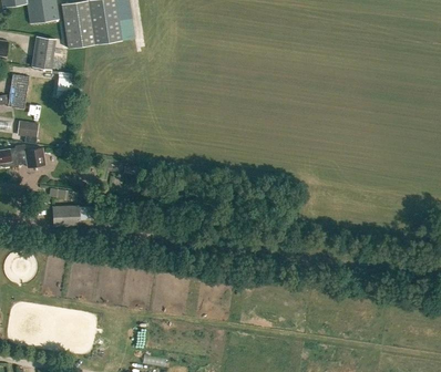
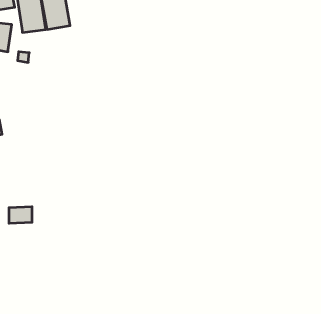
building: [53,206,80,225] -> [9,207,32,223]

